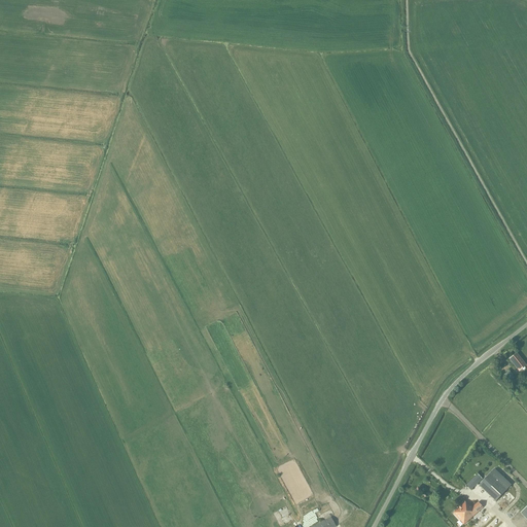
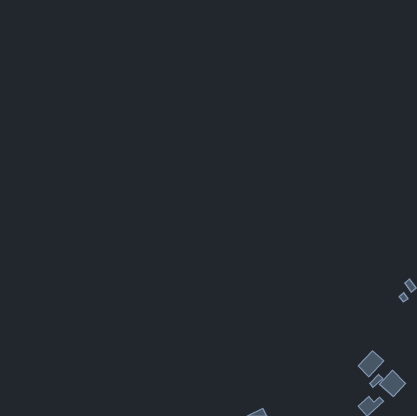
building: none -> [358,351,384,377]

